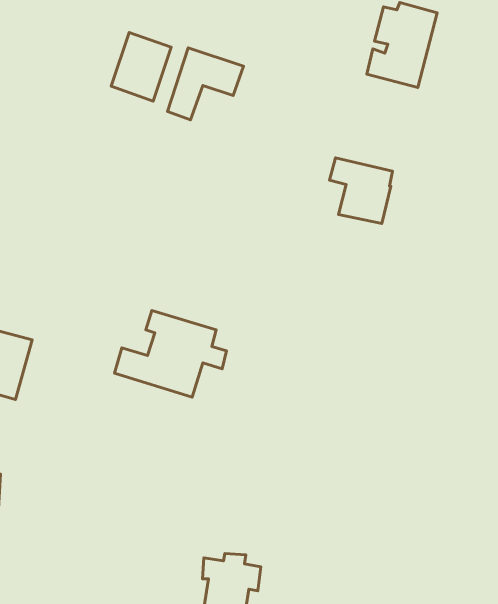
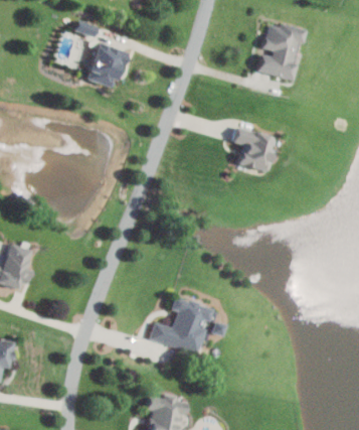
building: [168,48,243,120] -> none
building: [114,311,227,397] -> [150,297,225,355]

